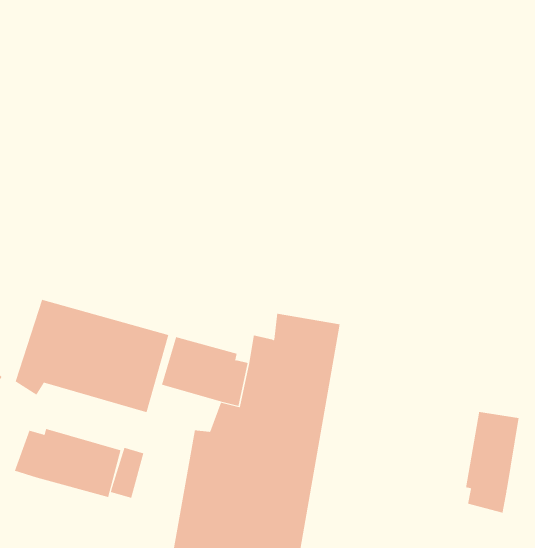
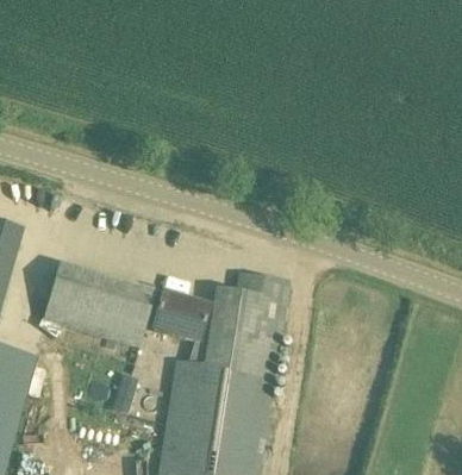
building: [465,411,519,513] -> none
building: [14,428,121,498] -> none

